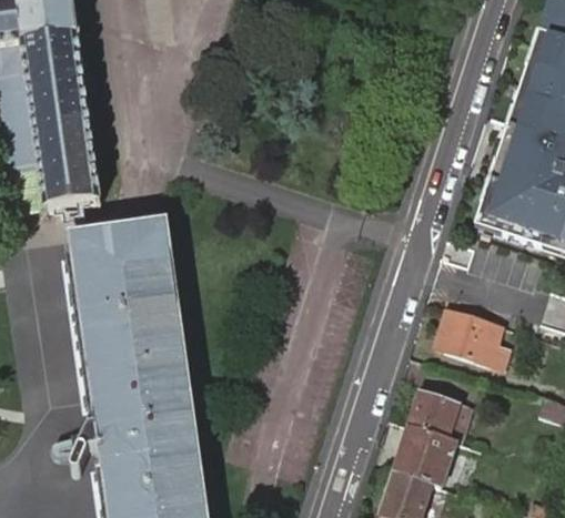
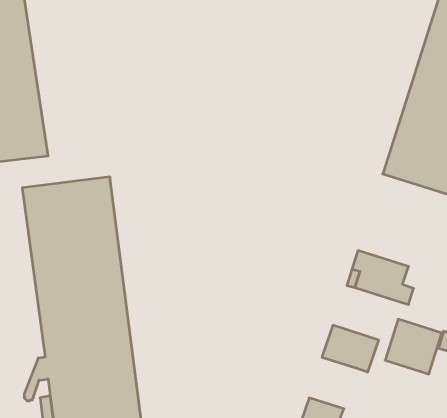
building: [393,428,456,489] -> [385,319,442,374]

